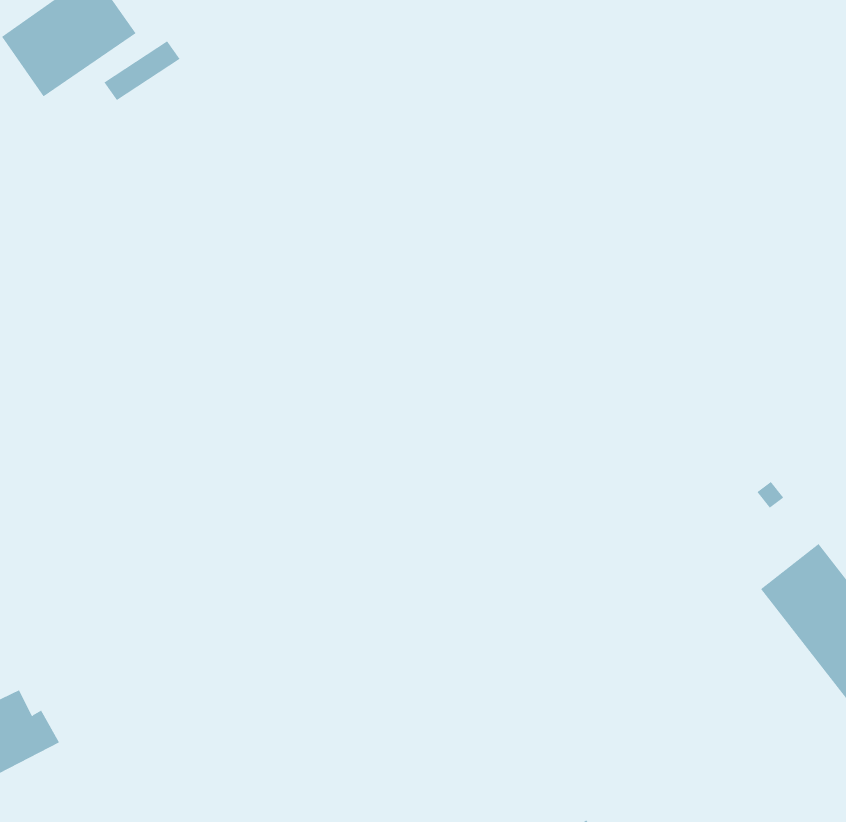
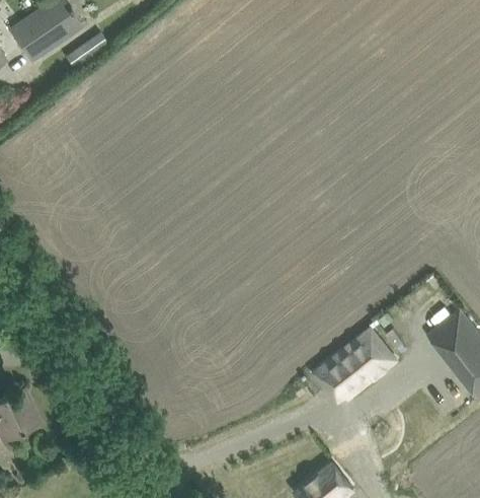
building: none -> [313,330,395,399]

